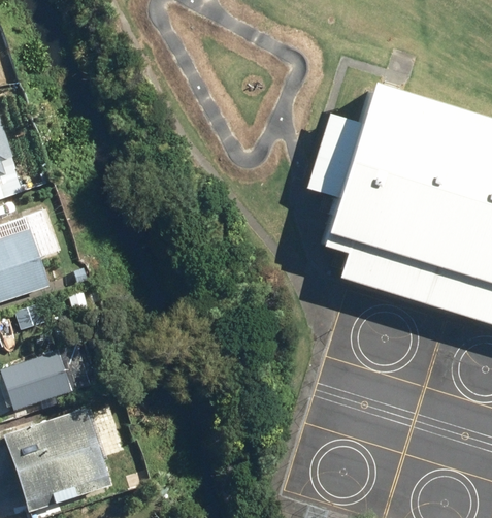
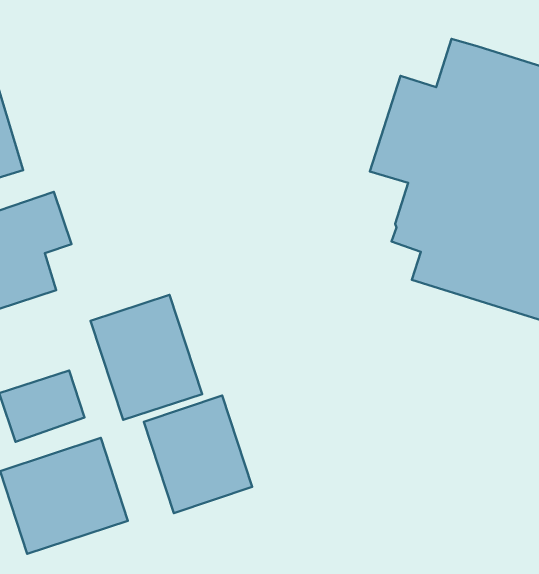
building: none -> [90,295,202,420]
building: none -> [144,395,252,513]

